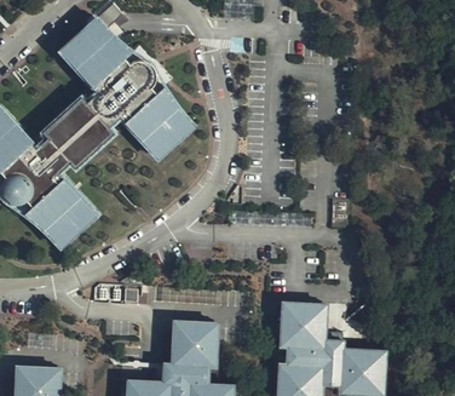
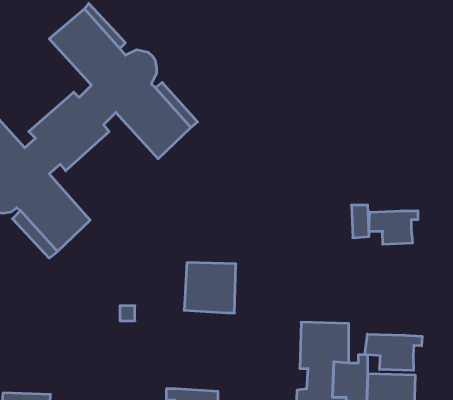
building: none -> [369,211,418,244]
building: none -> [365,334,422,370]
building: [172,320,218,365] -> [184,263,236,313]

